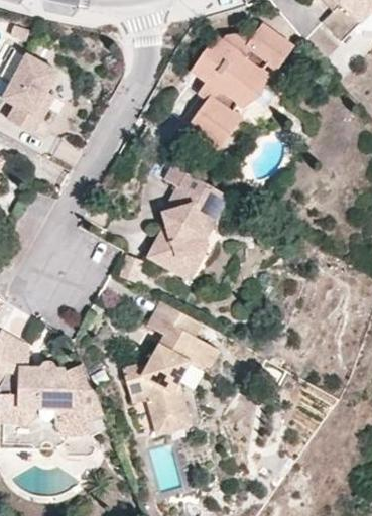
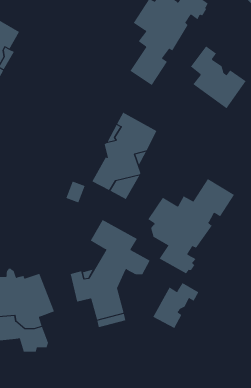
building: none -> [190,45,246,109]
building: none -> [147,178,235,274]
building: none -> [153,282,199,329]

